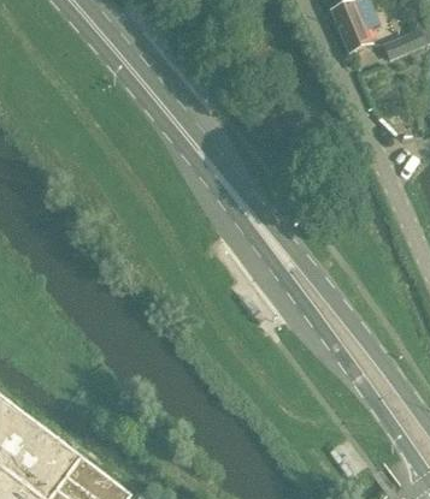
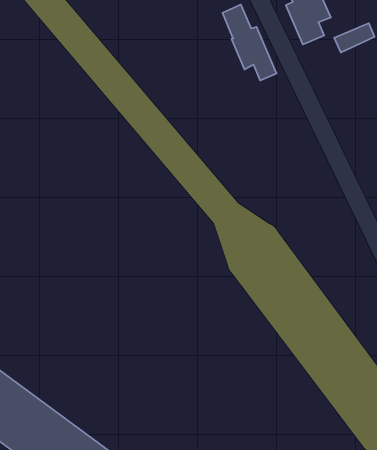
building: none -> [223,5,276,80]

